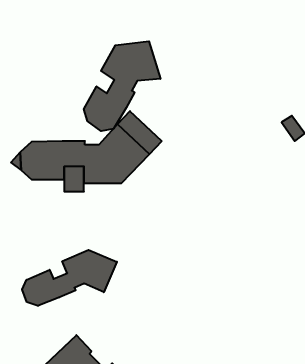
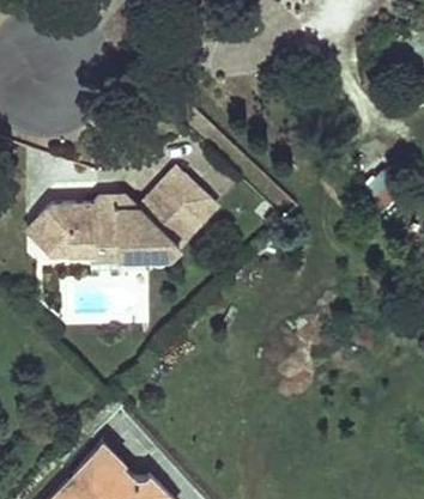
building: [84,41,160,131] -> none
building: [22,250,117,306] -> none

